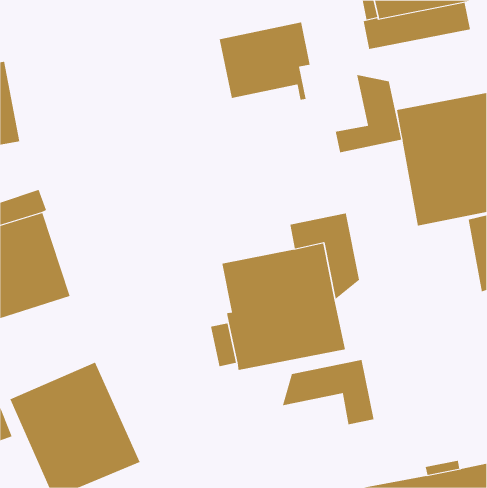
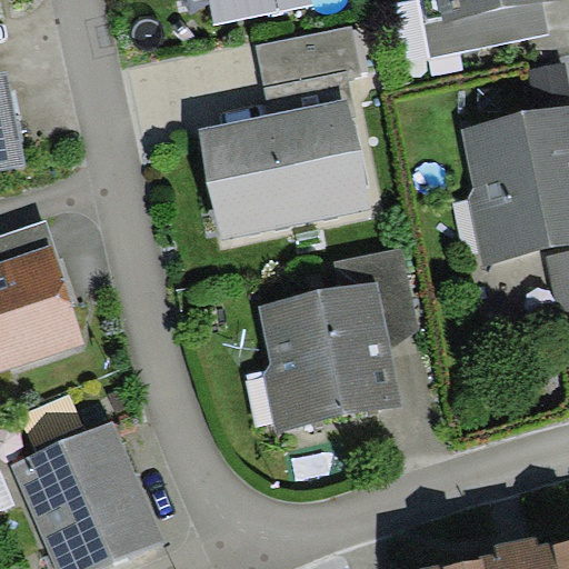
building: [335,74,402,153] -> none
building: none -> [198,99,369,240]
building: [282,359,374,425] -> none

